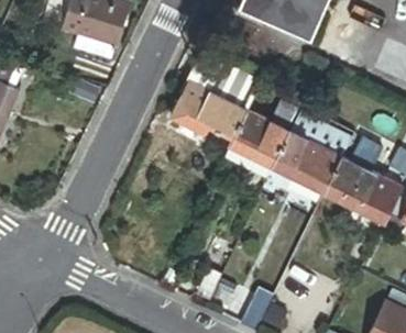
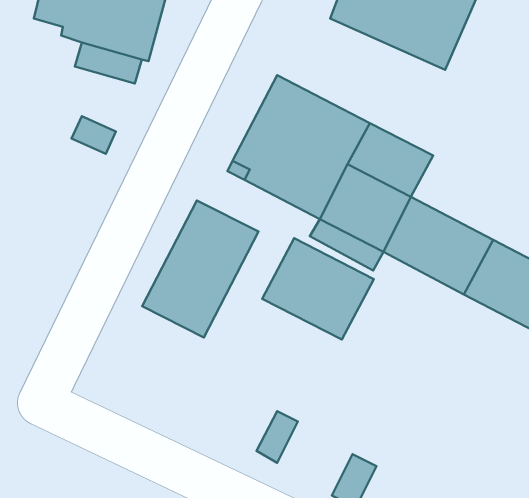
building: none -> [142,200,258,337]
building: none -> [262,238,374,340]

